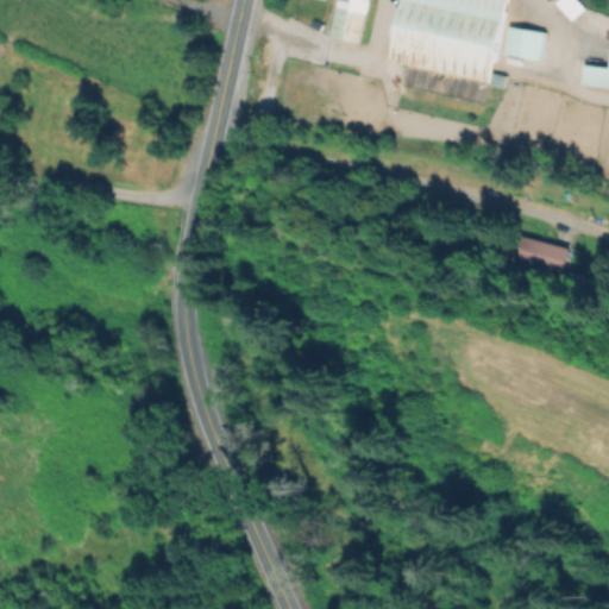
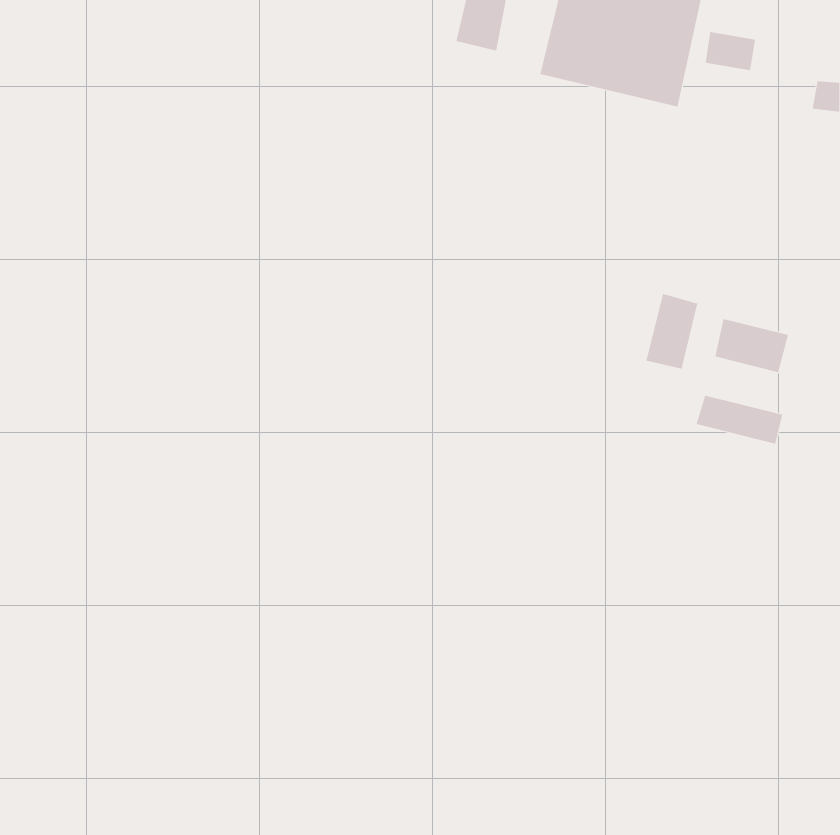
building: none -> [646,293,698,370]
building: none -> [696,395,783,445]

